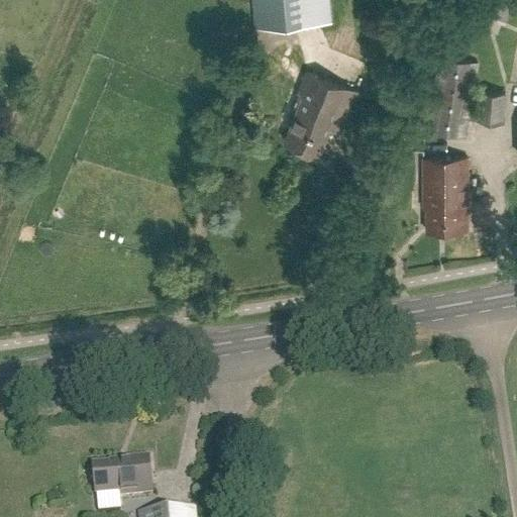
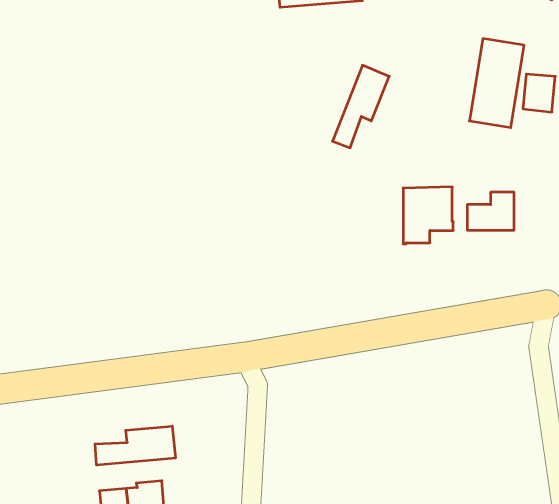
building: [284,72,330,150] -> none
building: [422,158,468,209] -> [403,187,453,244]
building: none -> [95,426,175,465]

